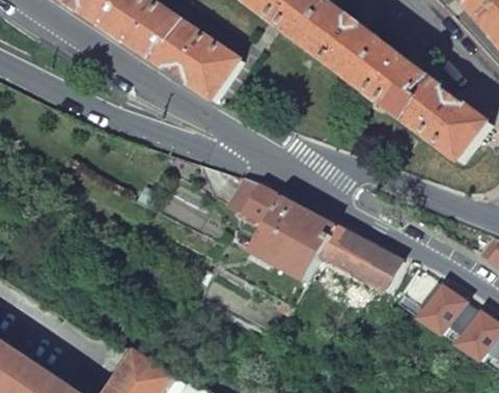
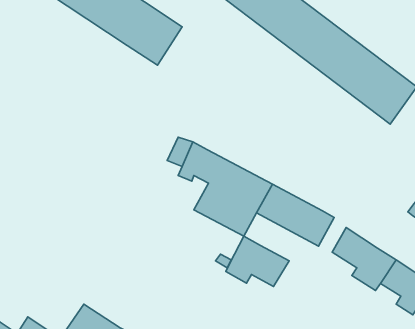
building: none -> [226,236,289,287]

